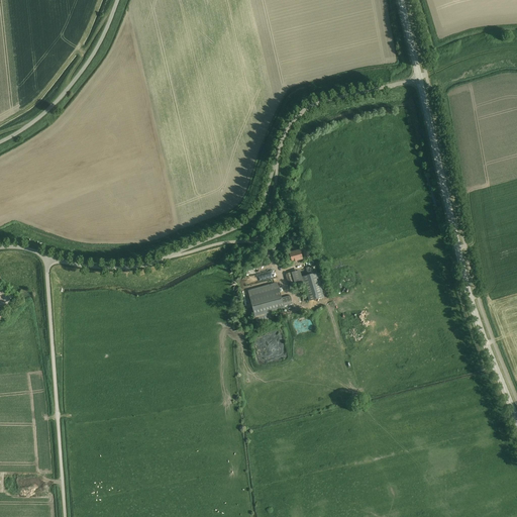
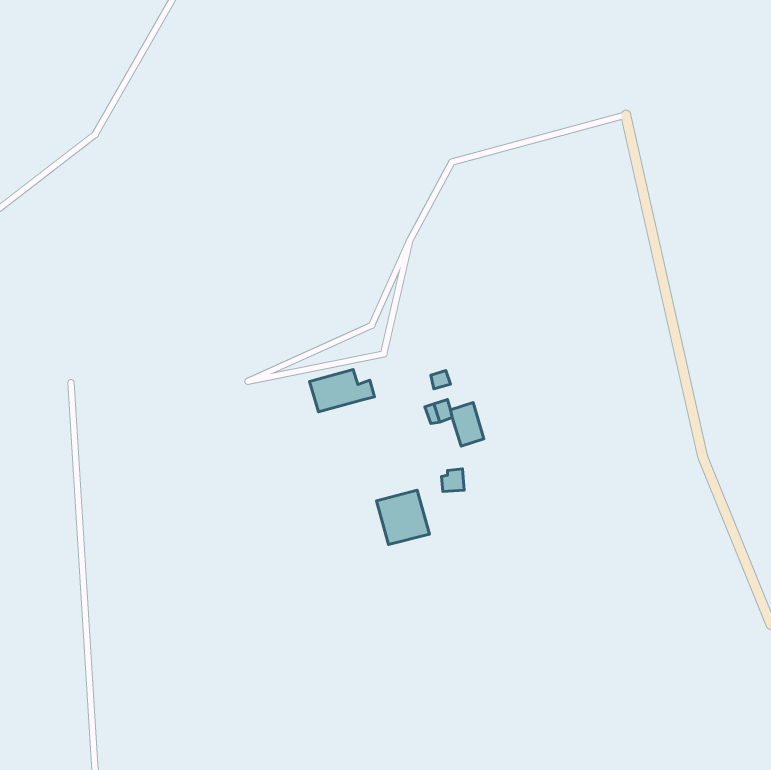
building: [248,286,292,314] -> [309,369,374,412]

